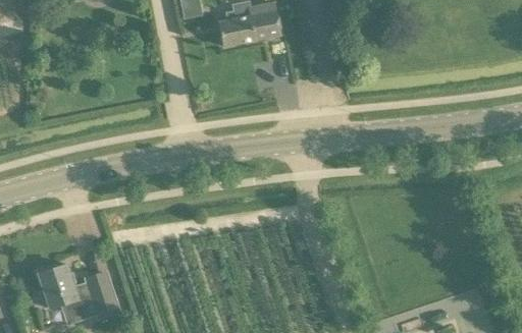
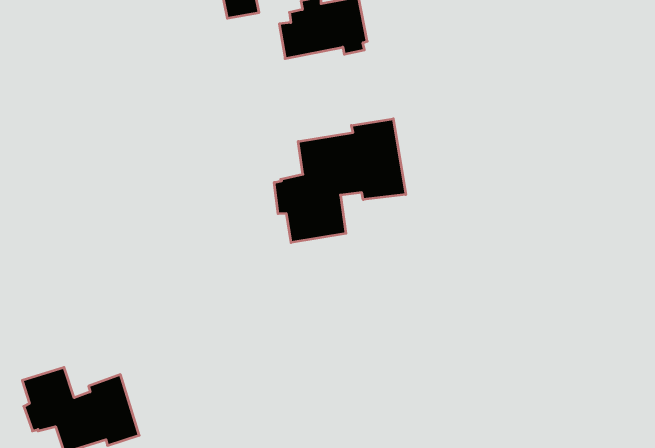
building: none -> [274,119,406,243]

